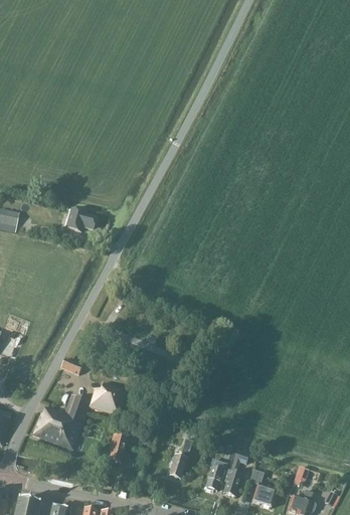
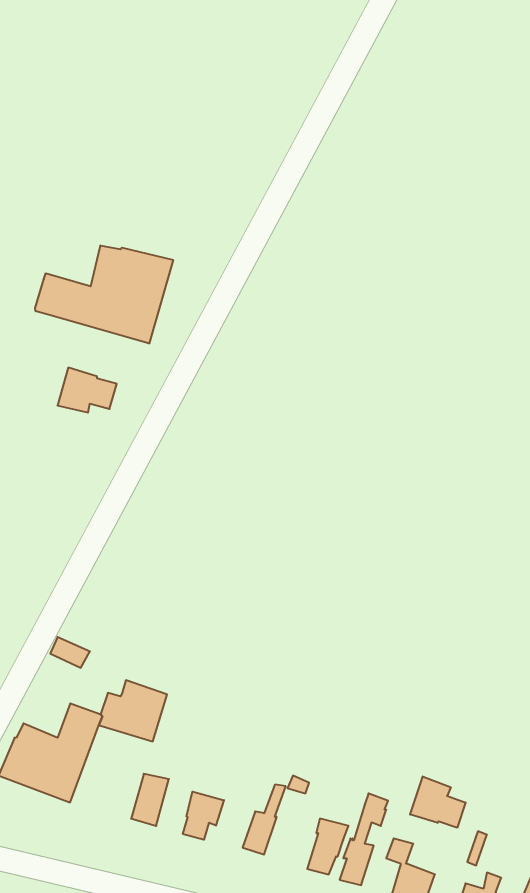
building: none -> [35,245,173,344]
building: none -> [410,776,466,828]
building: none -> [183,792,224,840]

